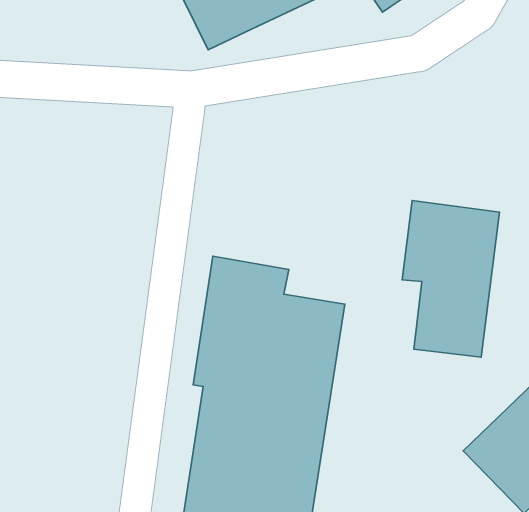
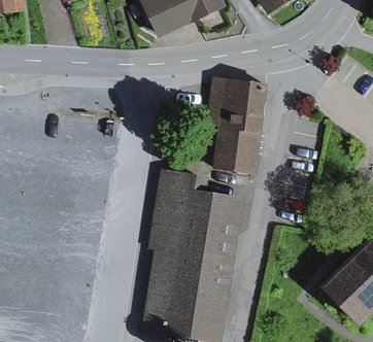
building: [402,201,499,357] -> [207,74,268,172]

